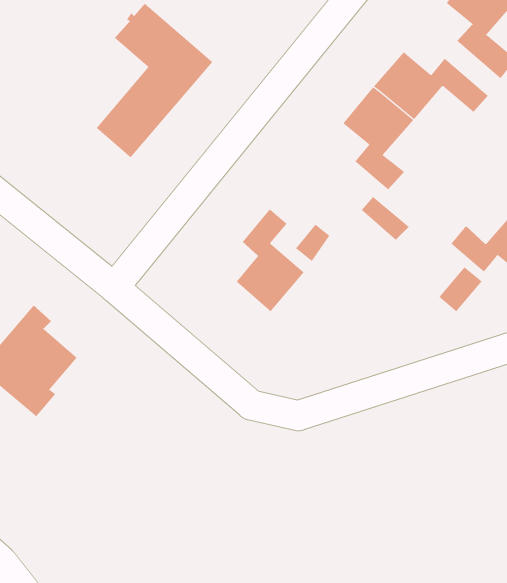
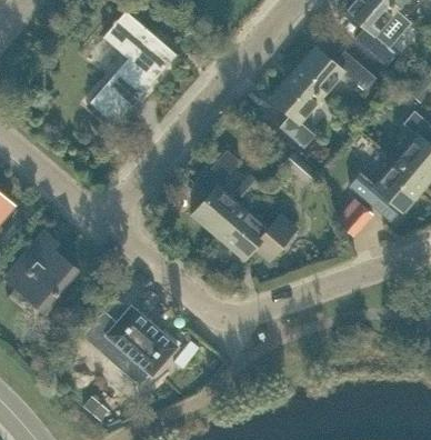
building: none -> [218,209,297,261]
building: none -> [83,307,178,386]

